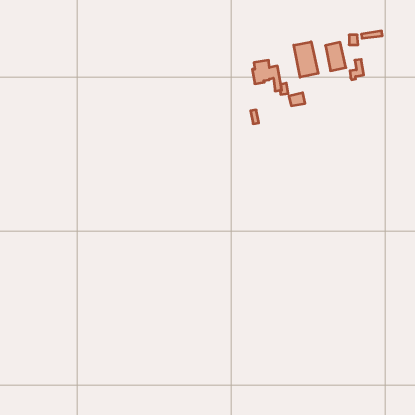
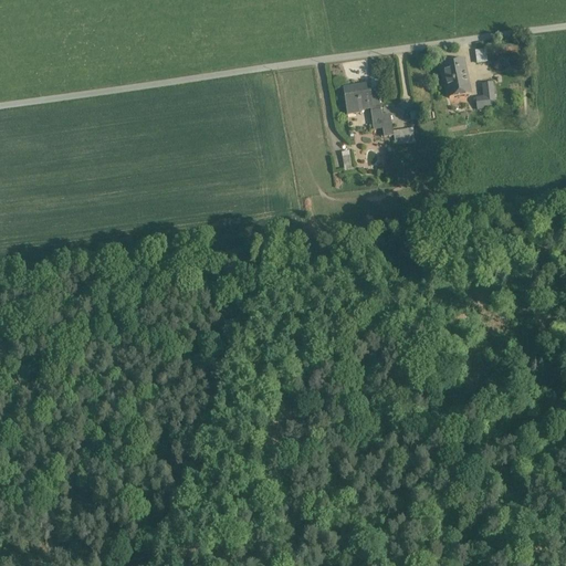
building: [294,42,318,77] -> none

